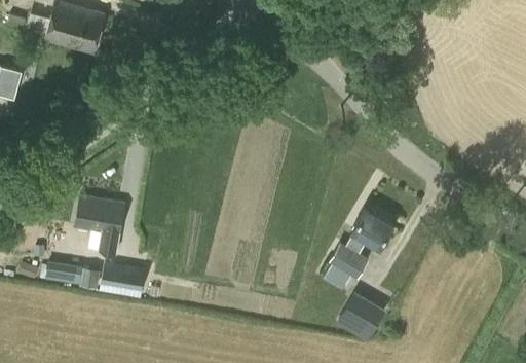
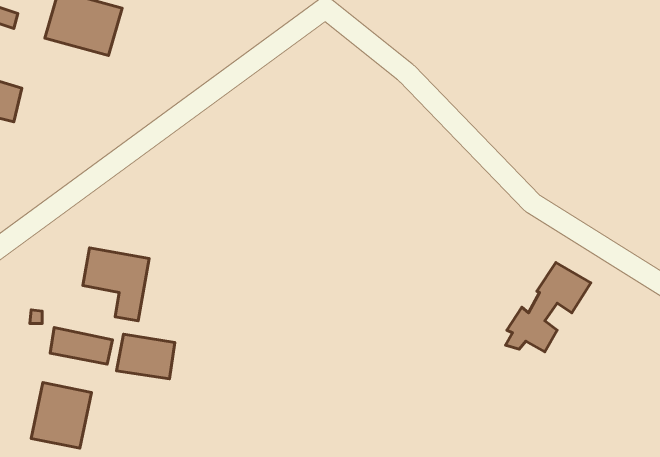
building: [328,209,392,277] -> [506,263,591,352]
building: [338,293,383,339] -> none
building: none -> [31,383,91,448]

